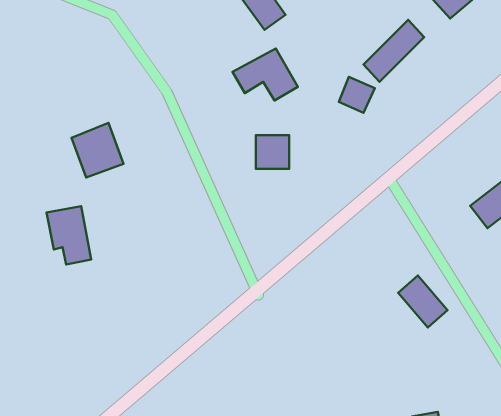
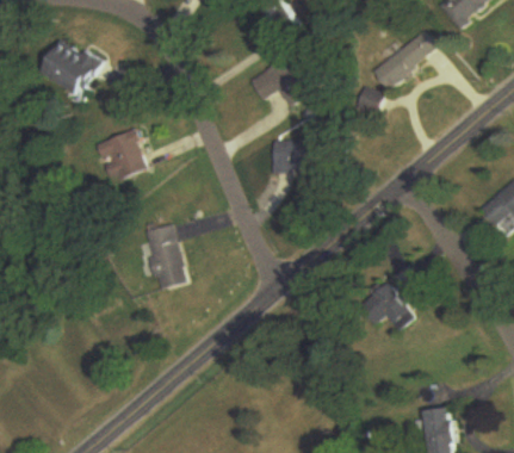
building: none -> [38,38,98,95]
building: [47,206,91,264] -> [138,231,181,287]
building: [398,275,448,327] -> [367,281,415,331]

